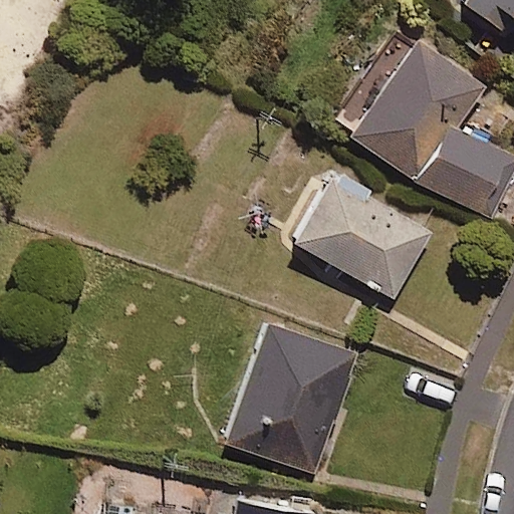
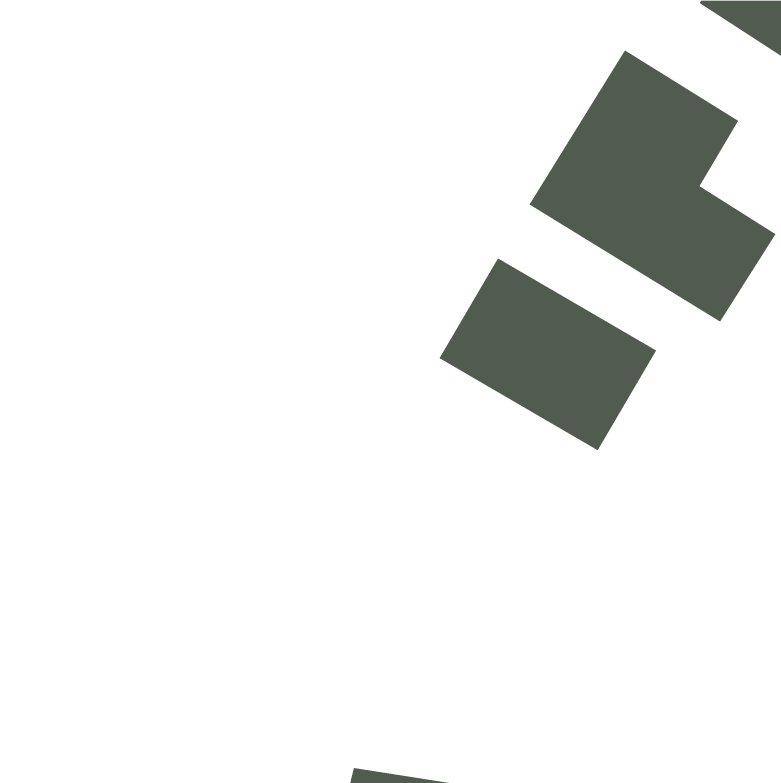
building: [224,325,357,475] -> none

